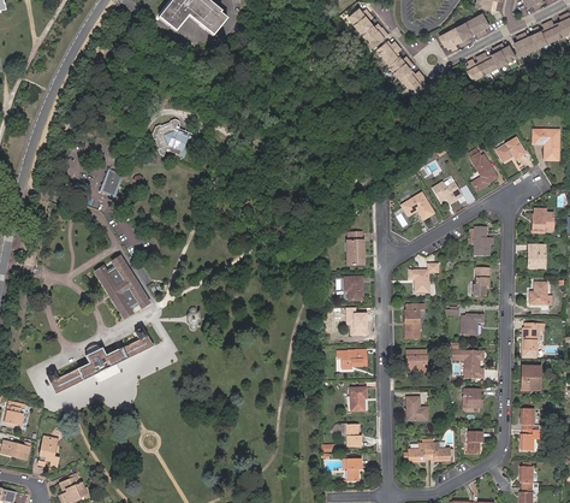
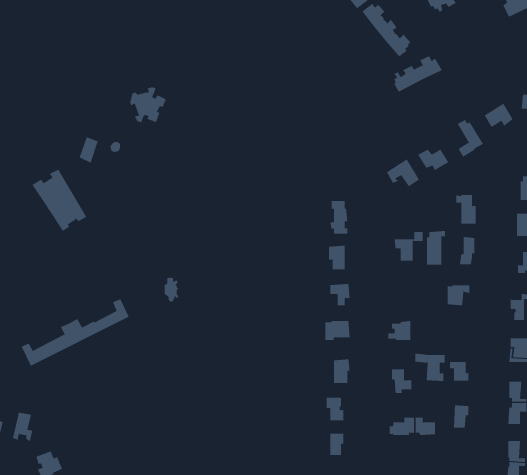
building: [468,42,516,78] -> [394,55,443,92]
building: [94,256,148,318] -> [32,169,87,232]
building: [404,303,423,337] -> [426,231,446,265]
building: [453,349,483,377] -> [415,353,446,382]

